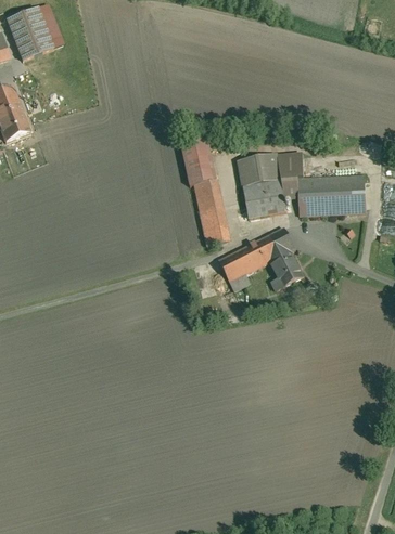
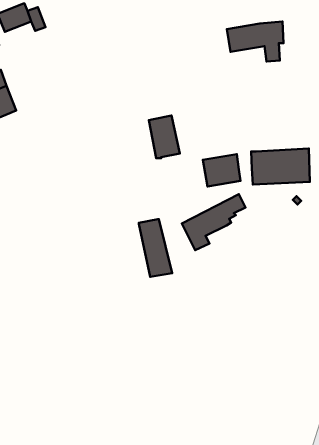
building: [15,29,54,61] -> none
building: [238,153,303,198] -> [227,21,284,61]
building: [194,180,232,246] -> [139,219,172,277]
building: [269,242,303,289] -> none

